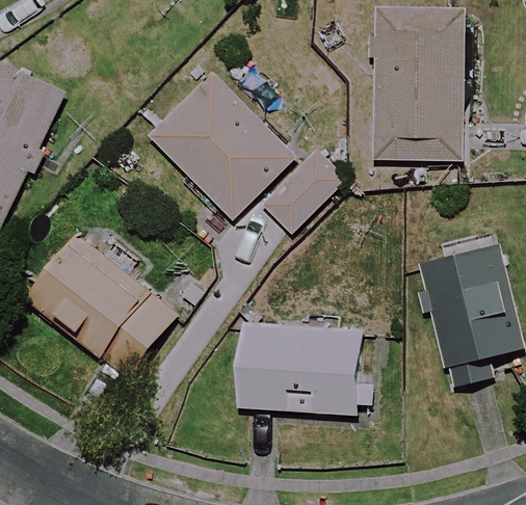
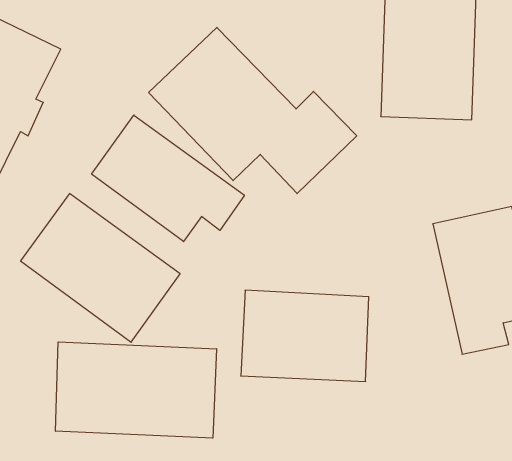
building: none -> [92,115,244,242]
building: none -> [56,342,217,438]

